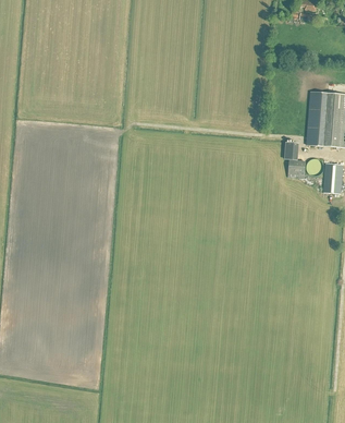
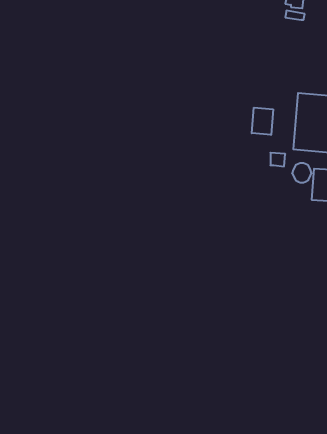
building: none -> [252,108,273,135]

